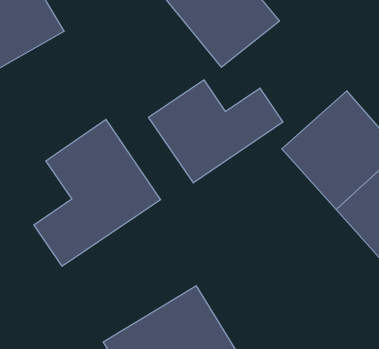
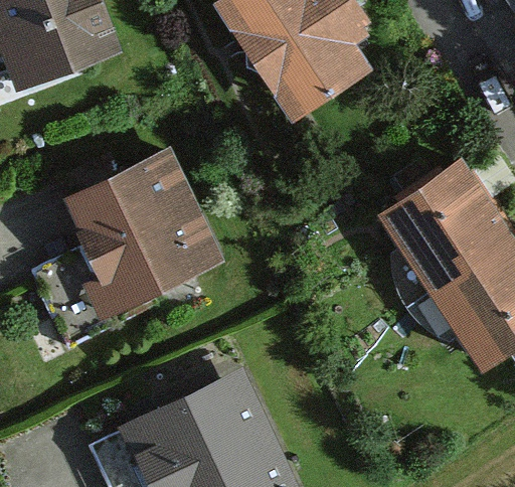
building: [149,80,283,183] -> none

